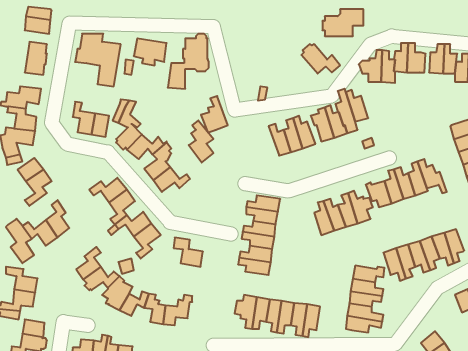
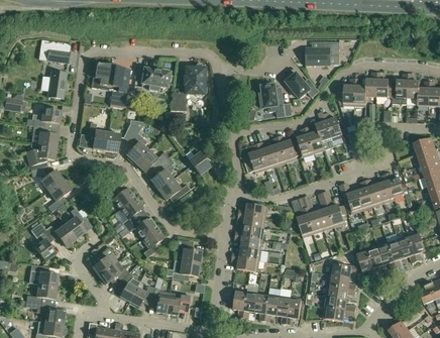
building: none -> [259,82,285,112]
building: [201,96,228,132] -> [243,143,266,175]
building: none -> [166,260,199,280]

